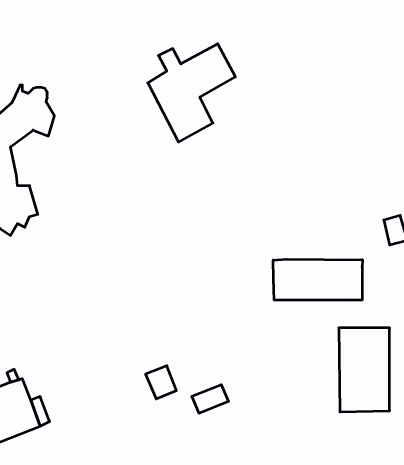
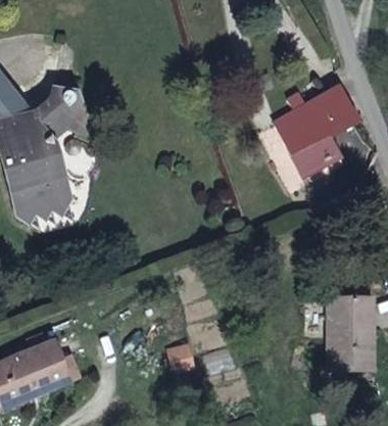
building: [148,44,235,142] -> [280,88,355,173]
building: [273,259,362,300] -> none

